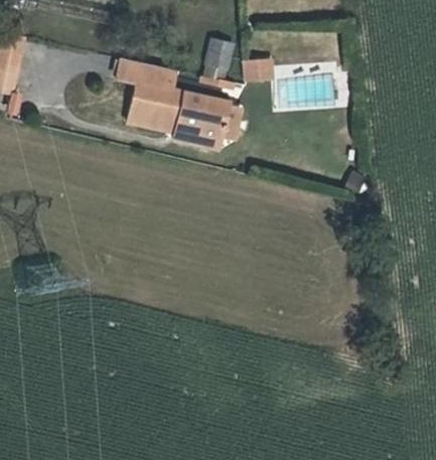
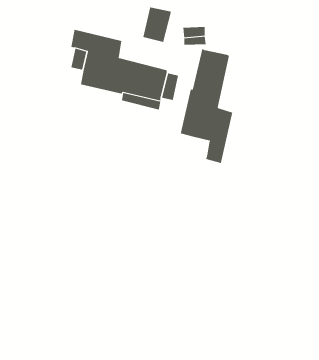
building: none -> [180,48,233,164]

